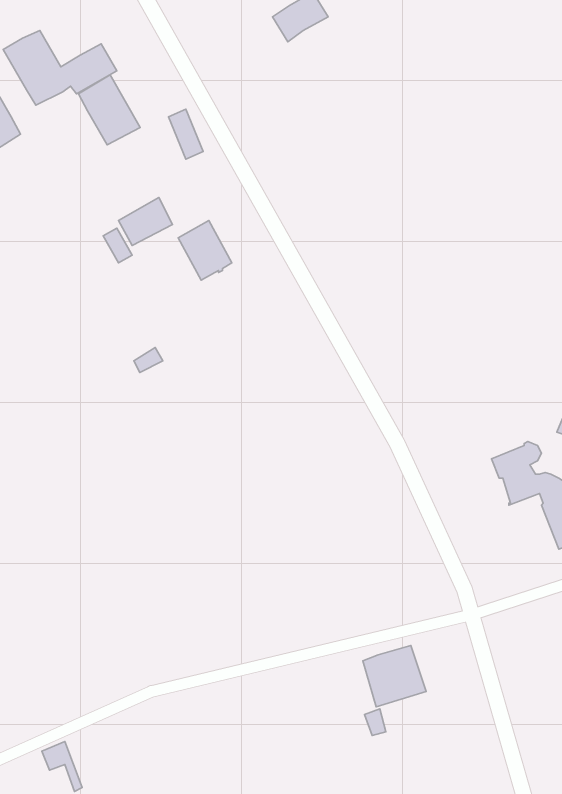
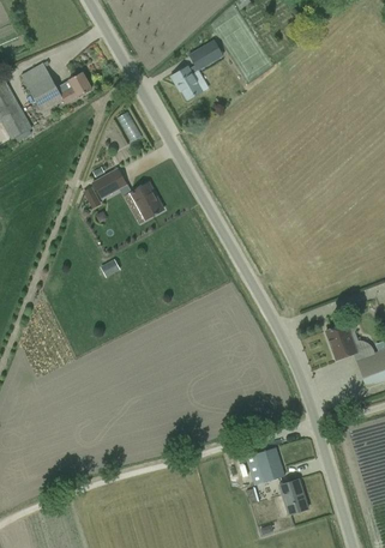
building: none -> [170,66,201,100]
building: [79,75,140,145] -> none
building: none -> [278,478,307,514]

